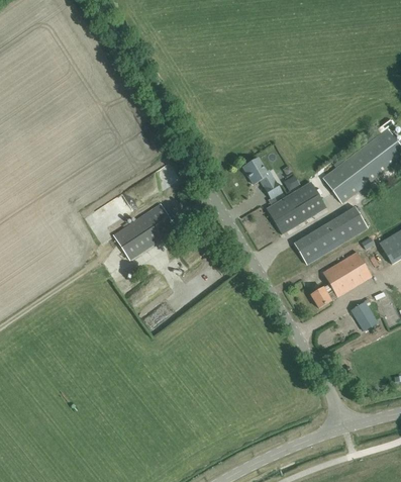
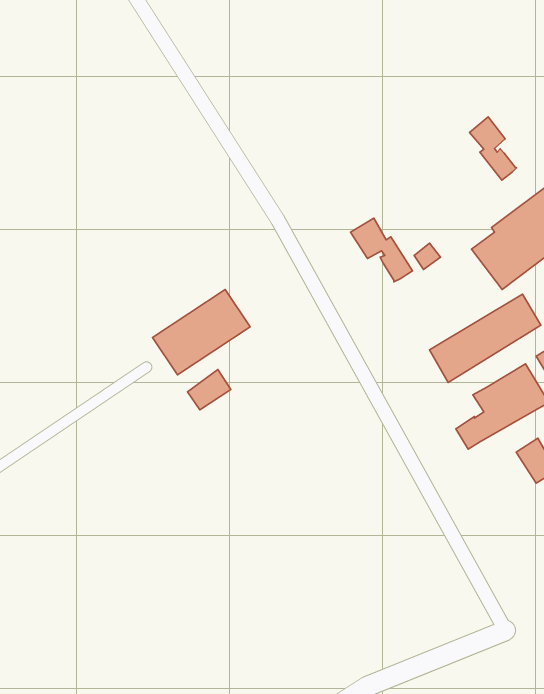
building: none -> [469,117,517,180]
building: [267,181,325,232] -> none
building: none -> [187,370,231,410]

